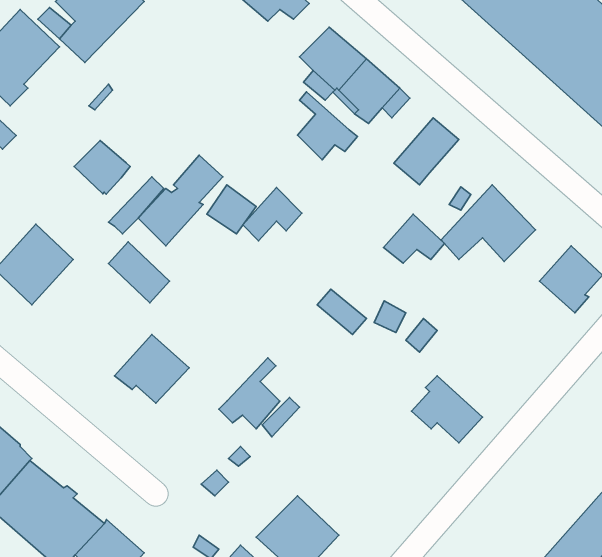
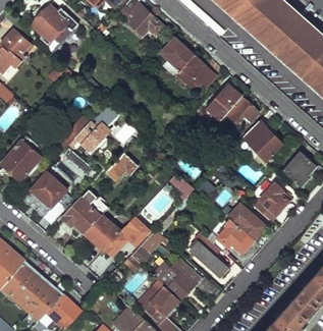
building: [298,92,357,160] -> none
building: [74,141,130,194] -> none
building: [243,188,302,241] -> [108,153,139,180]
building: [384,214,445,263] -> [227,97,259,122]
building: none -> [31,172,67,209]
building: none -> [260,183,292,215]
building: none -> [228,204,267,240]
building: none -> [86,215,122,250]
building: none -> [191,231,229,278]
building: none -> [153,260,201,301]

